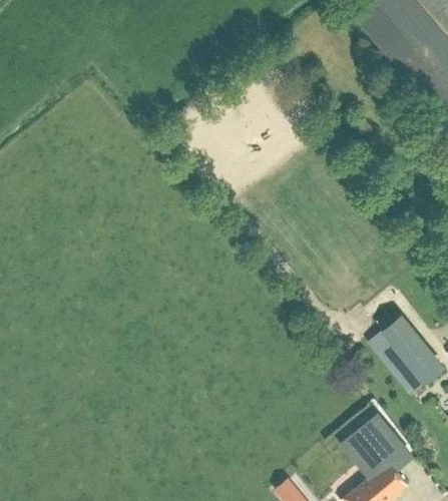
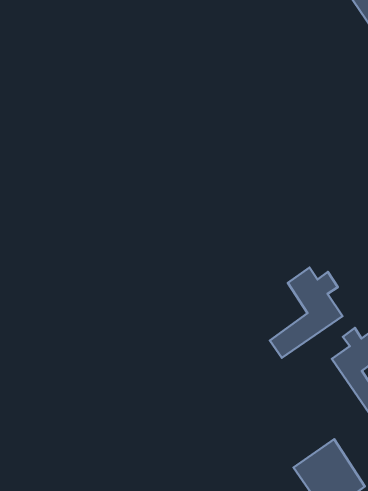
building: none -> [270,268,343,358]

